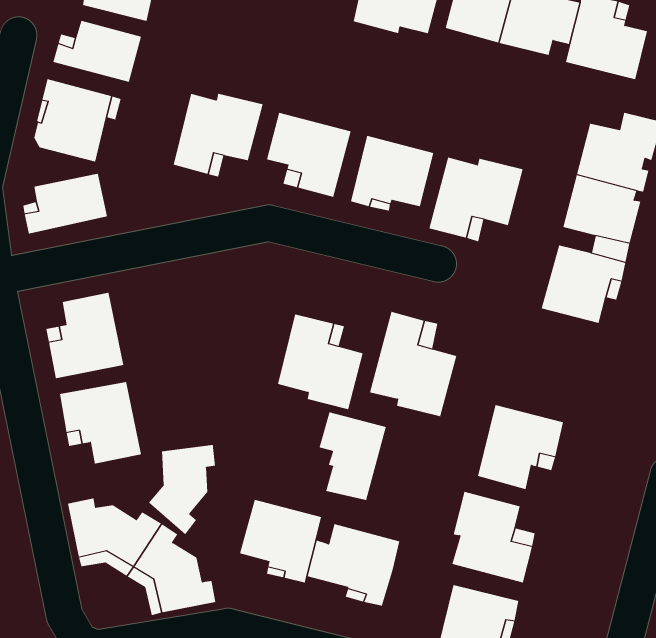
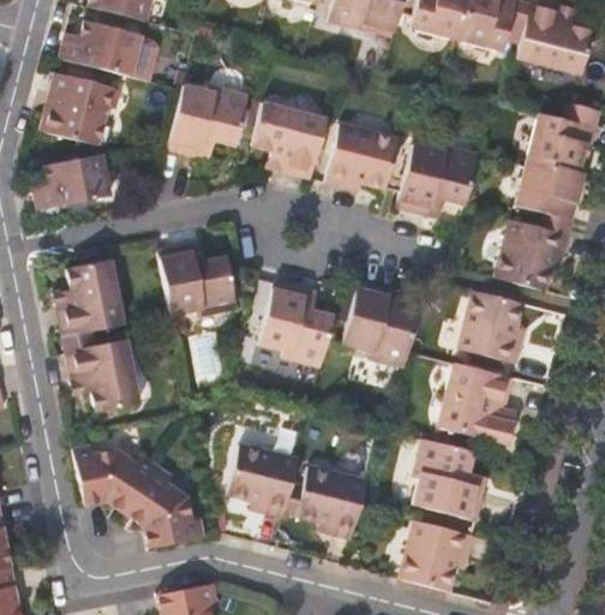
building: none -> [158,244,235,317]
building: none -> [459,289,523,363]
building: [319,411,386,501] -> none
building: [148,444,215,535] -> none

